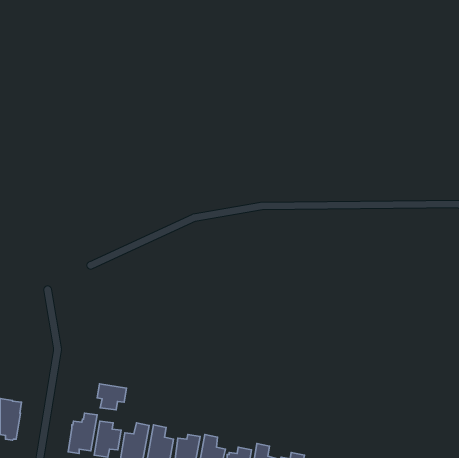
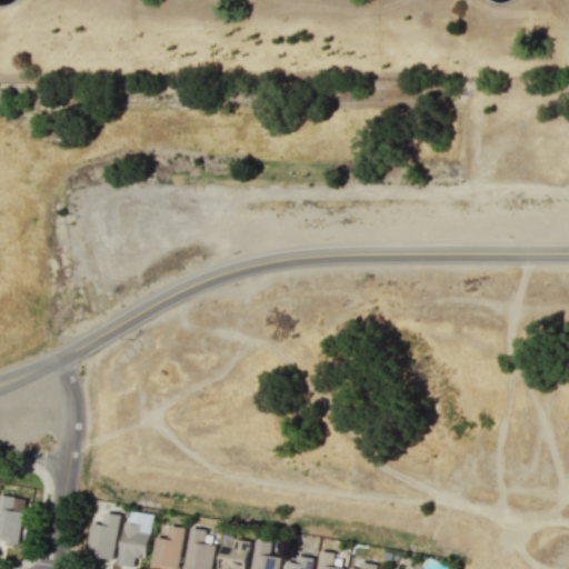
building: [97,384,127,410] -> none

